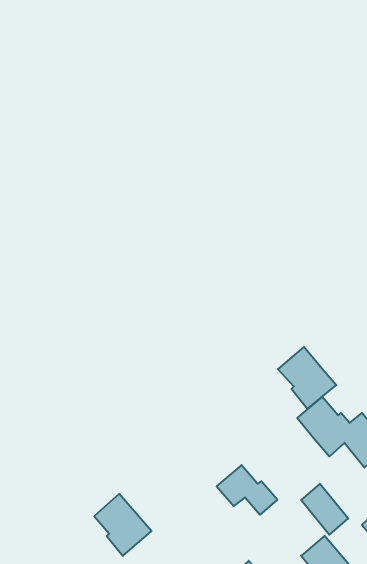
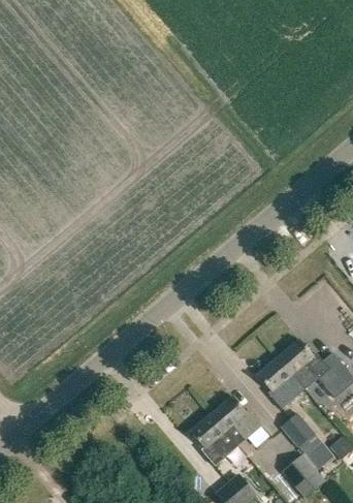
building: [278,347,336,409] -> [257,357,306,409]
building: [94,494,152,556] -> [191,414,238,466]

